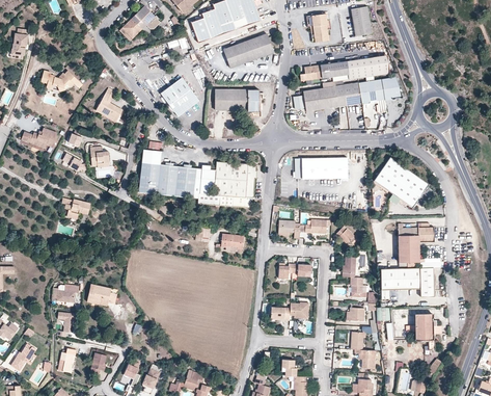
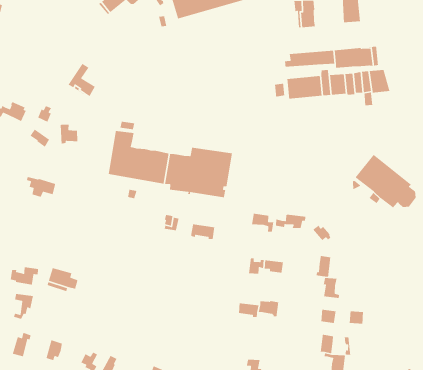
building: [223,33,273,68] -> none
building: [40,62,81,90] -> none
building: [160,78,199,117] -> none
building: [215,88,261,117] -> none
building: [294,157,348,178] -> none
building: [393,227,433,262] -> none
building: [380,268,434,297] -> none
building: [415,314,437,350] -> none

